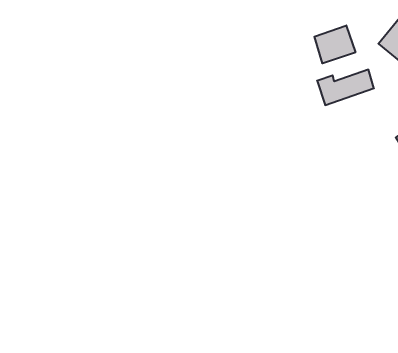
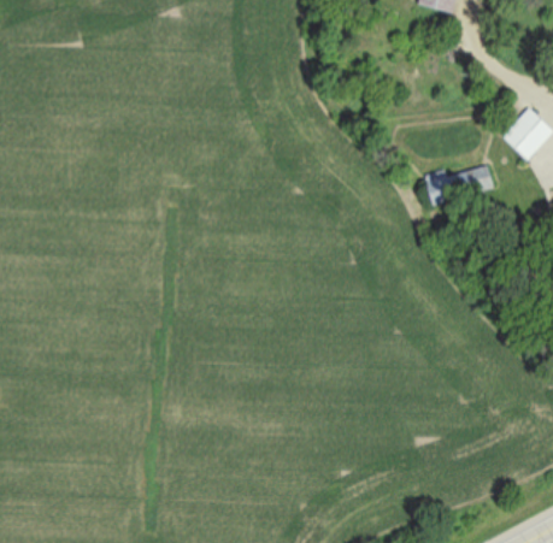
building: [314,25,355,63] -> none

